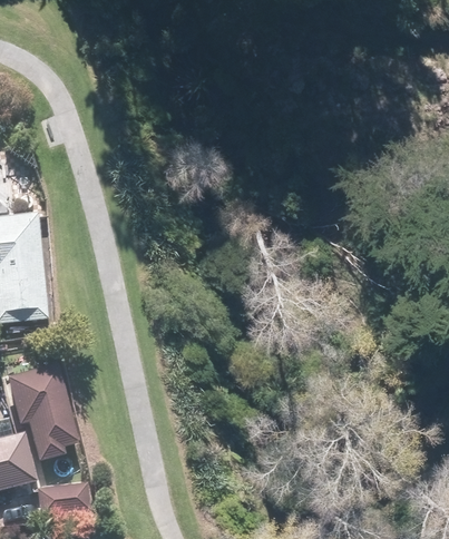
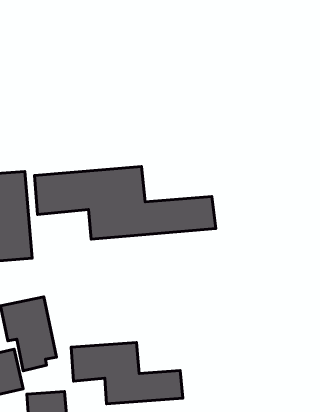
building: none -> [34,166,216,239]
building: none -> [71,343,183,404]

